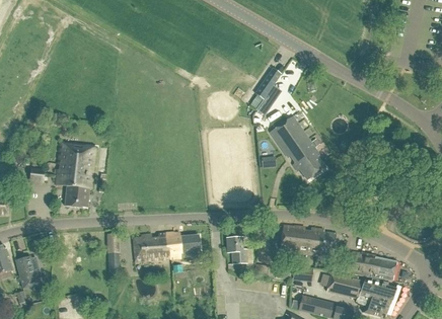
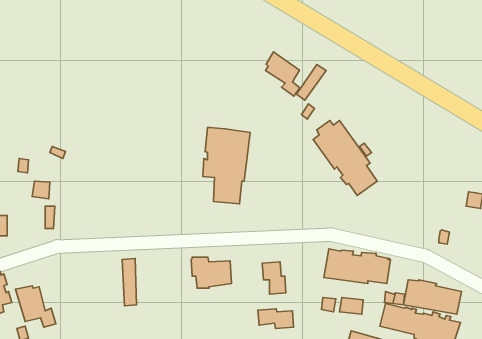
building: none -> [266,52,300,96]
building: [56,143,96,208] -> [203,128,250,204]
building: [134,232,170,261] -> none
building: none -> [258,309,294,328]

